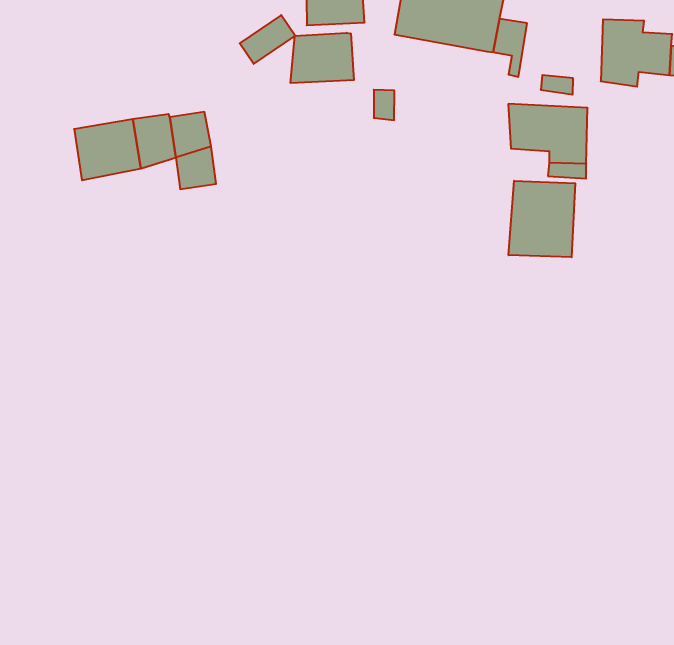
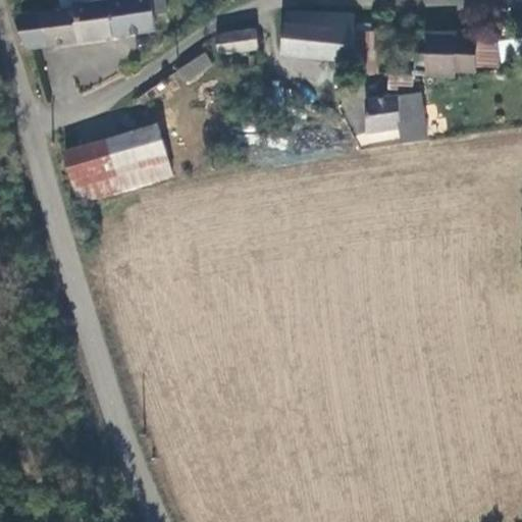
building: [291,33,354,83] -> none
building: none -> [76,158,145,197]
building: [509,181,575,257] -> none

